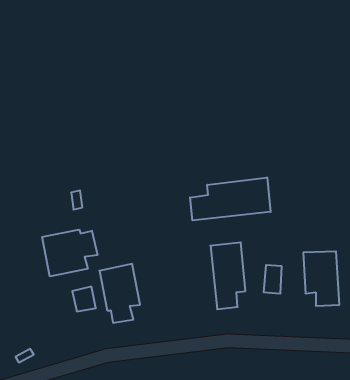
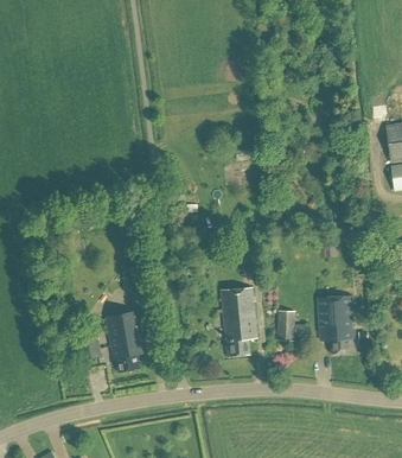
building: [190,177,271,220] -> none
building: [42,230,97,276] -> none

